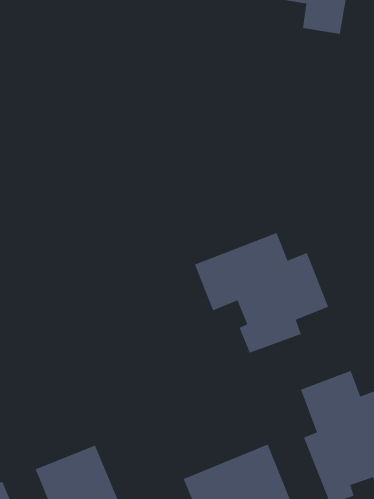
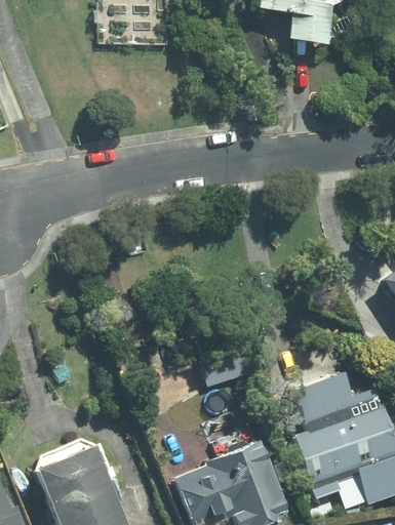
building: [194,232,329,354] -> none

